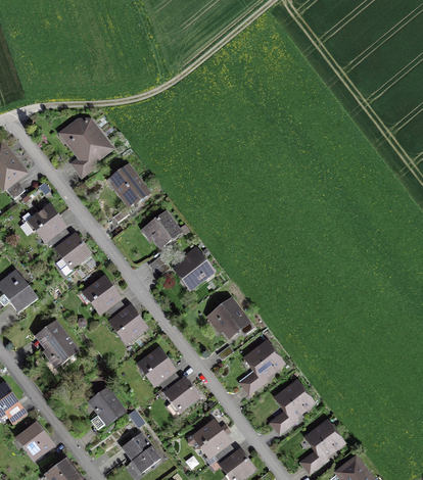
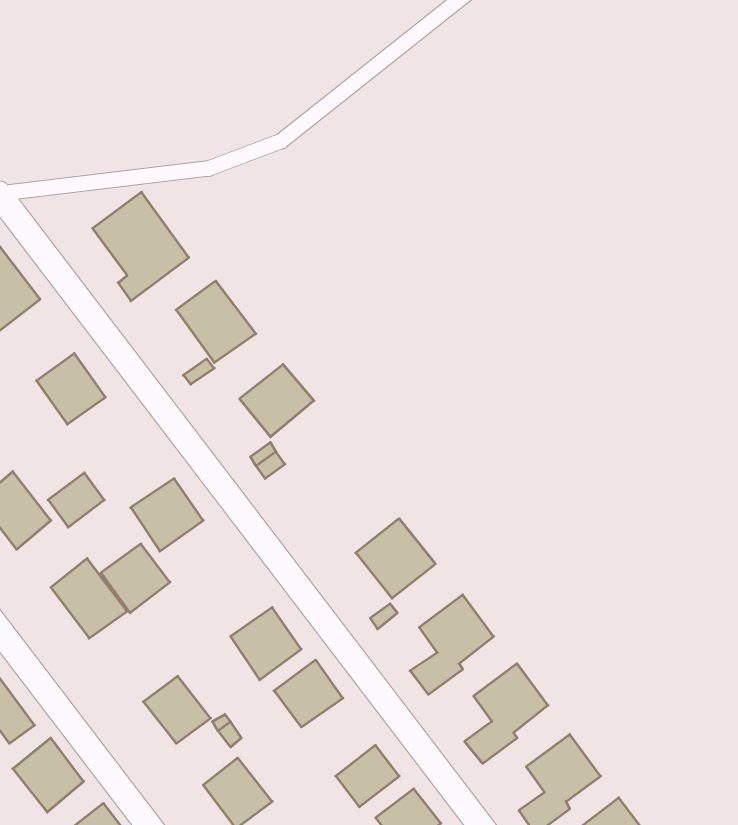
building: [58,238,90,269] -> [48,473,104,527]
building: [172,247,217,291] -> none
building: [108,304,147,343] -> [101,544,170,613]

